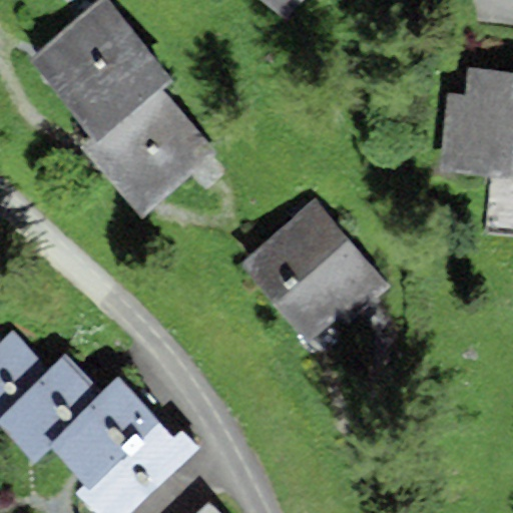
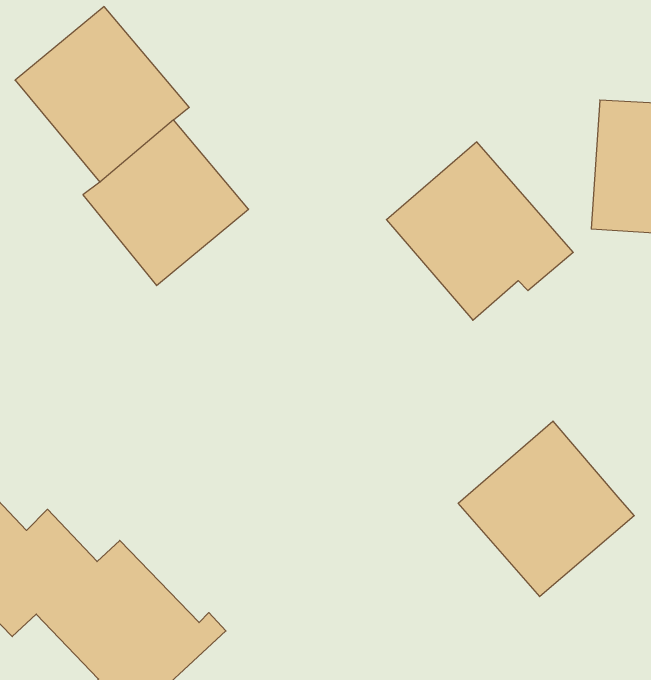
building: [250,209,383,336] -> [386,142,573,320]
building: none -> [458,421,634,597]

